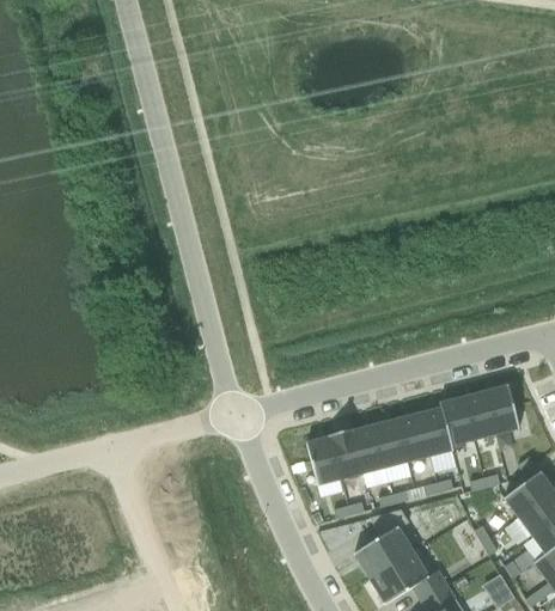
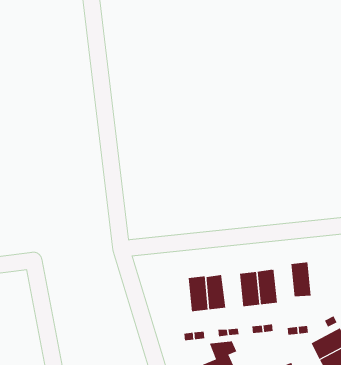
building: [486,384,519,434] -> none
building: [441,396,474,445] -> none
building: [374,418,408,466] -> none
building: [306,434,341,484] -> none

